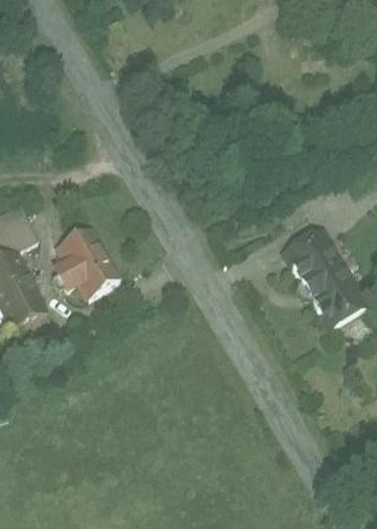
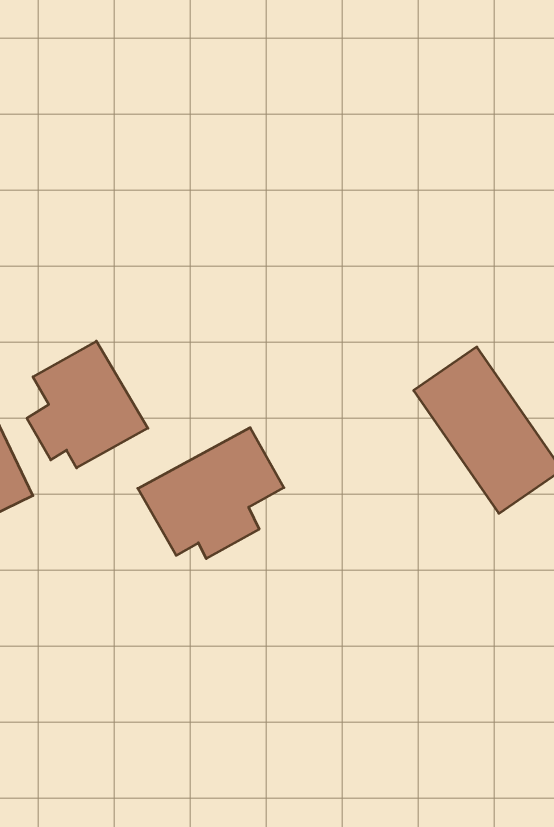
building: none -> [138,428,284,559]

